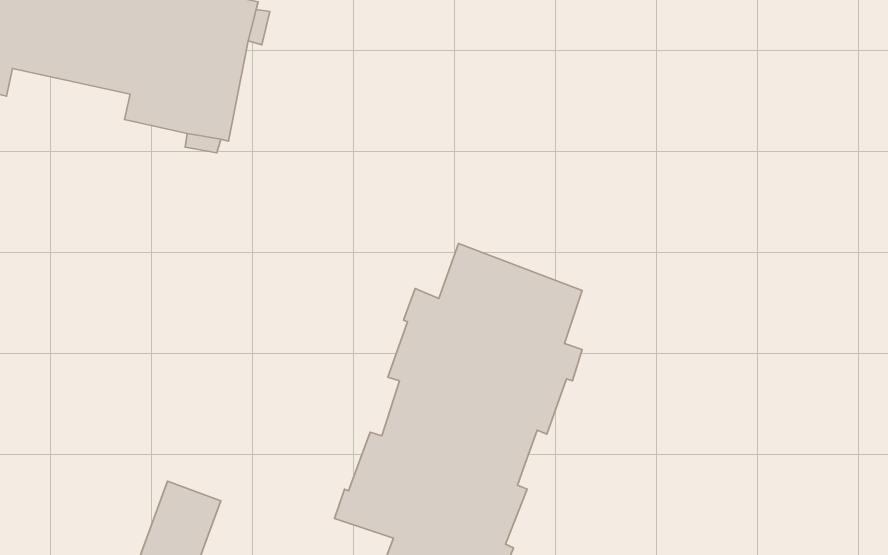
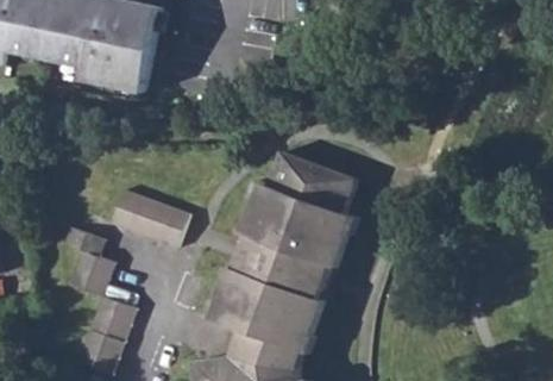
building: none -> [114,192,190,248]
building: none -> [68,227,118,296]

